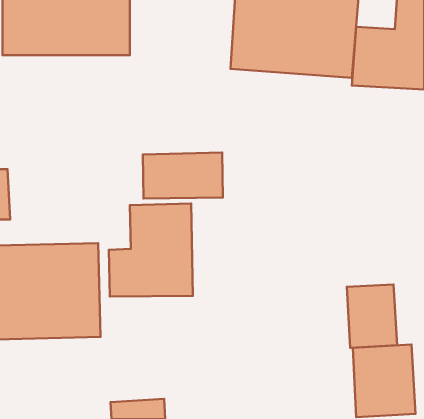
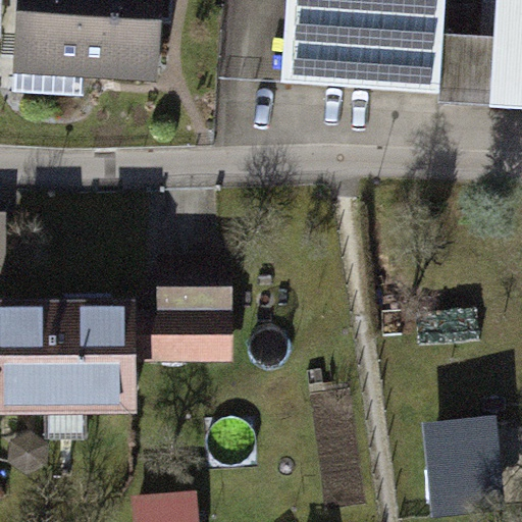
building: [143,153,223,199] -> none
building: [347,284,397,348] -> none

